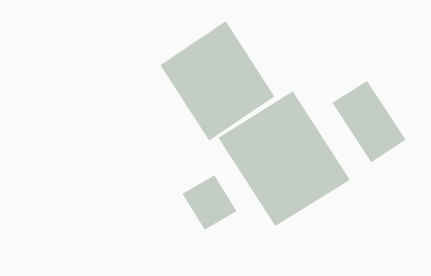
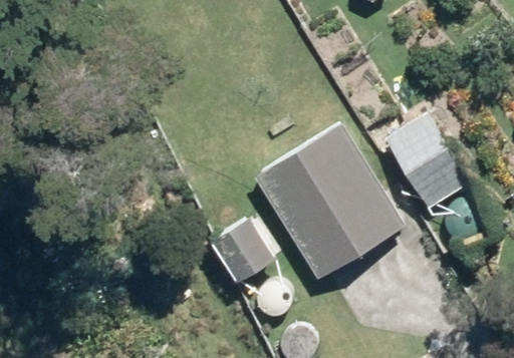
building: [160,20,275,141] -> none

